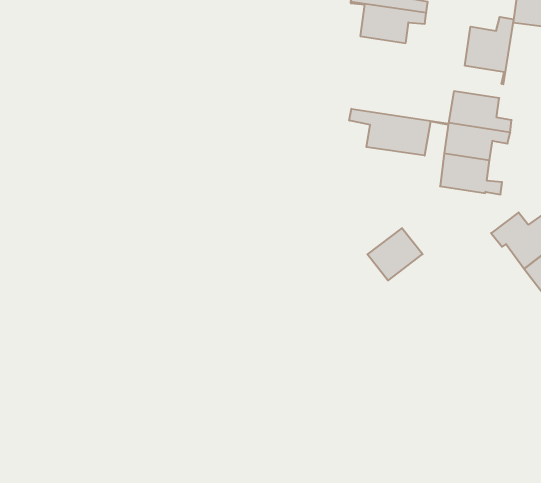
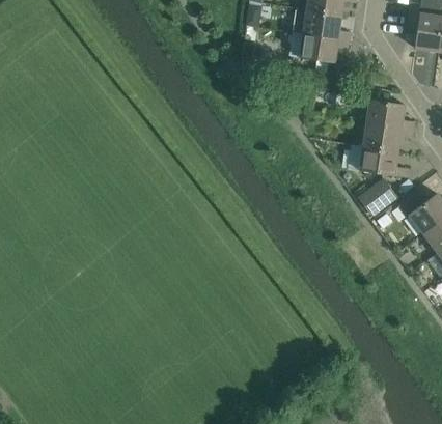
building: [465,17,513,84] -> none
building: [349,109,448,156] -> none
building: [367,228,423,280] -> [356,177,397,217]

